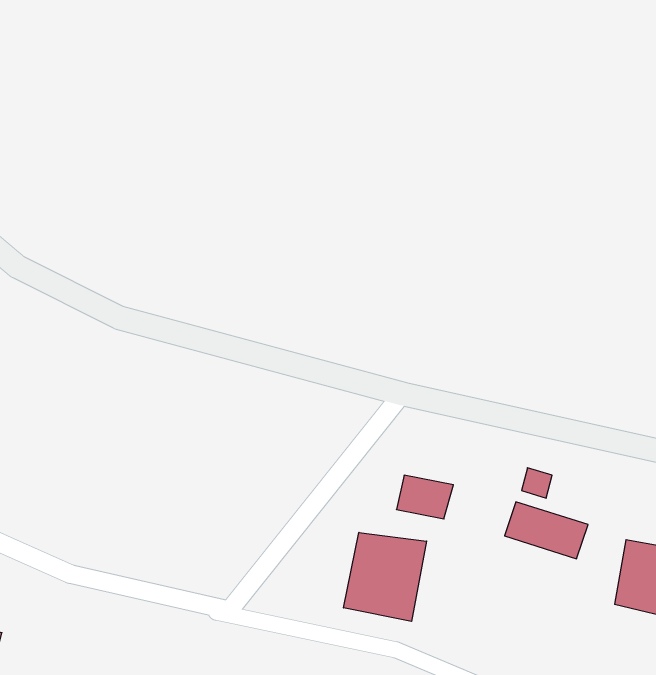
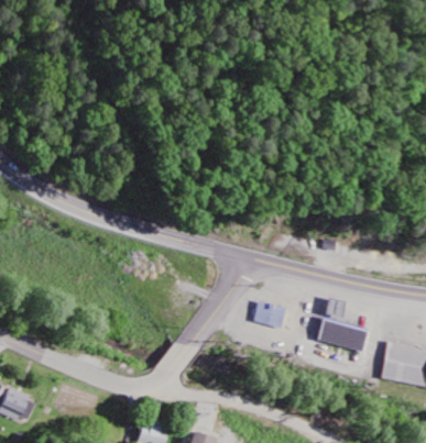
building: [344,532,427,621] -> none

